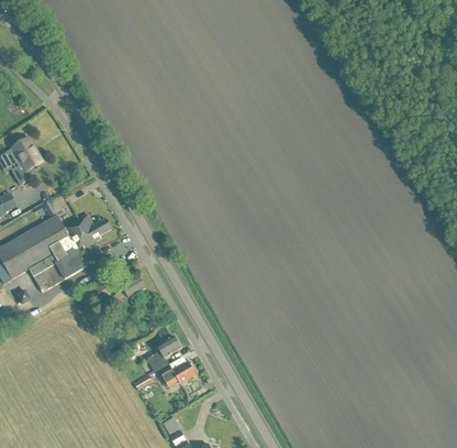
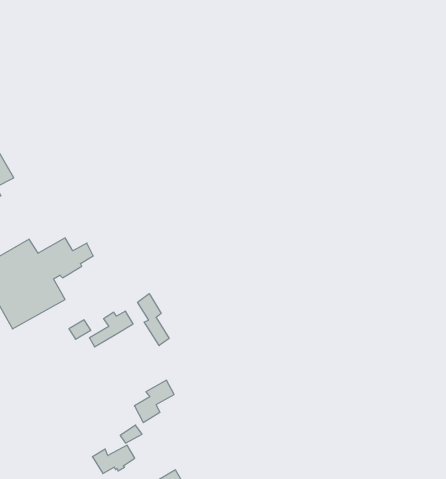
building: none -> [138,294,169,346]
building: [158,362,194,386] -> [92,445,135,474]

